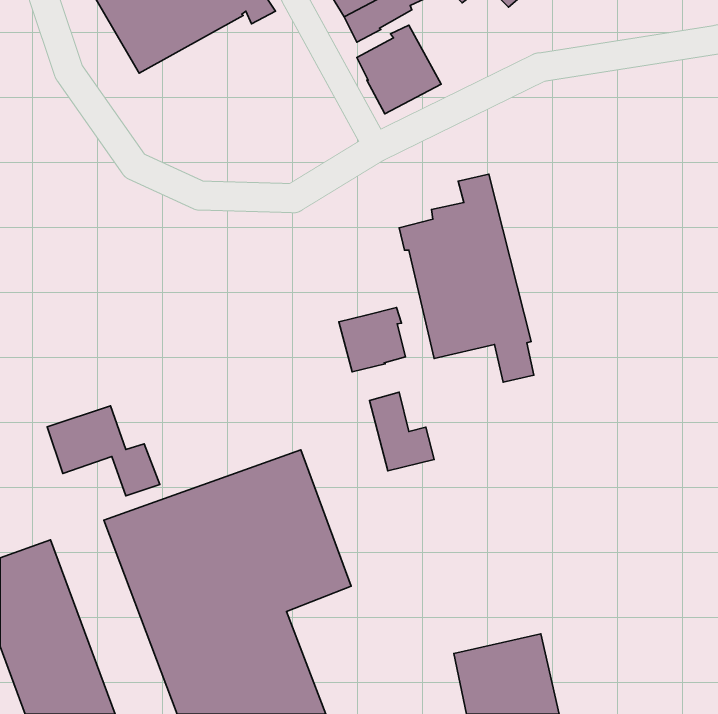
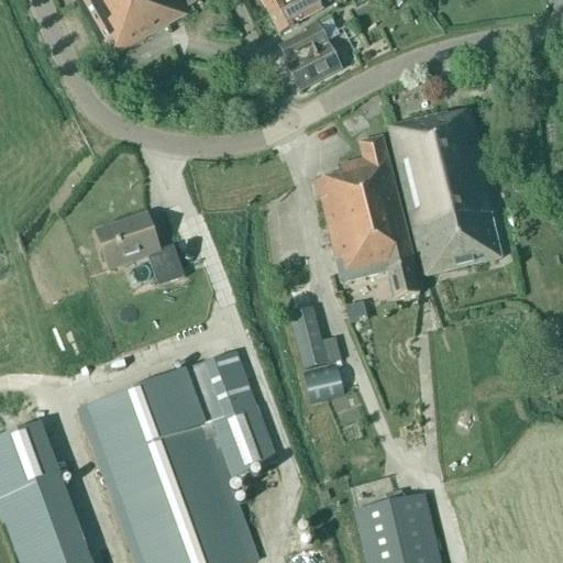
building: none -> [387,110,501,277]
building: [339,308,406,372] -> none
building: [47,406,160,496] -> [97,214,185,285]
building: none -> [297,363,340,404]

